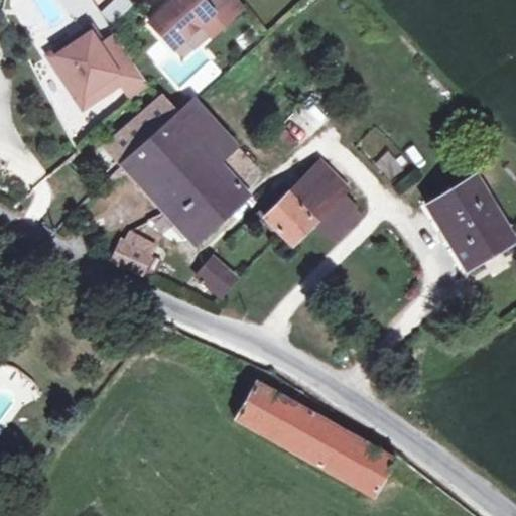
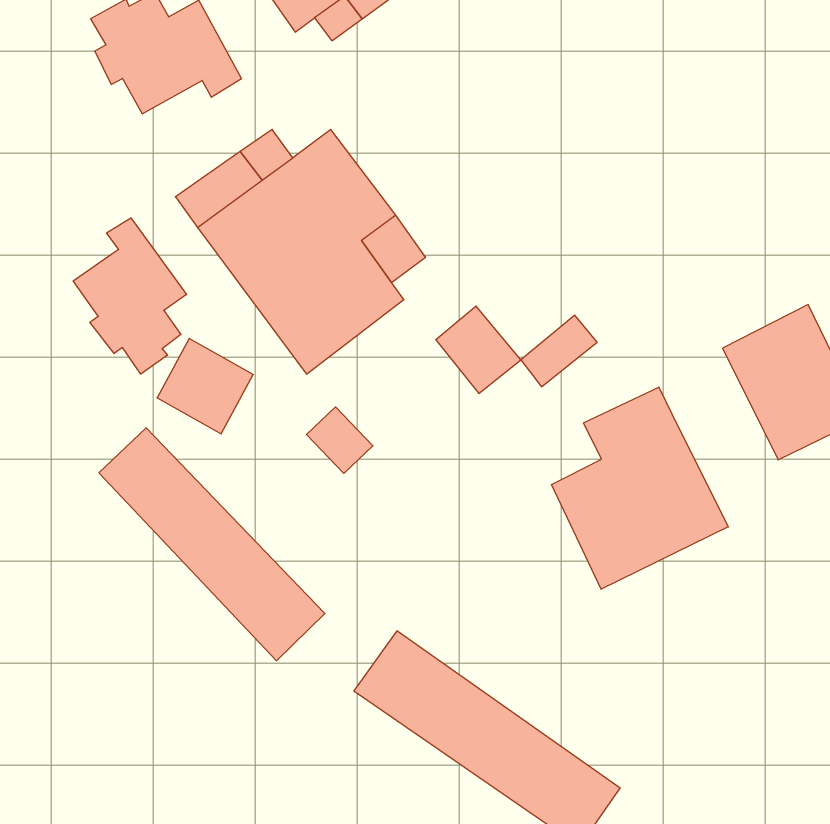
building: [287,161,349,223] -> none
building: none -> [73,218,187,374]
building: none -> [551,387,728,589]
building: none -> [99,428,325,661]

